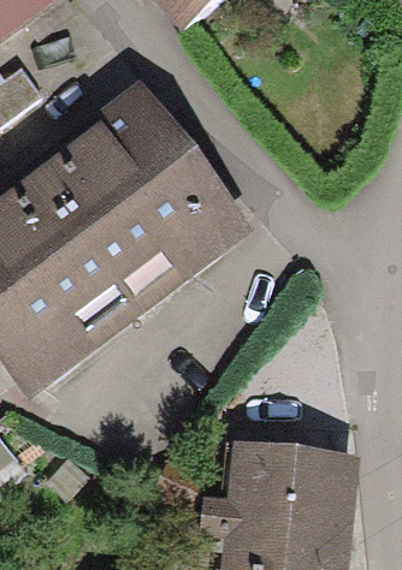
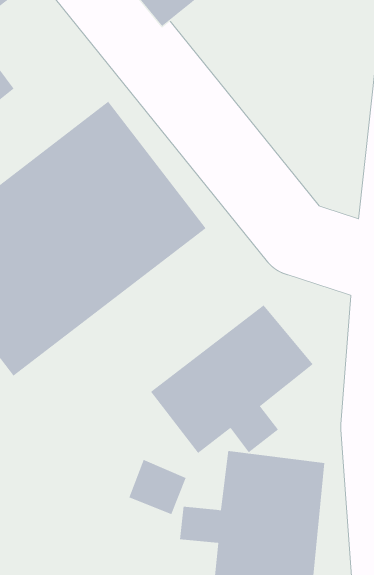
building: none -> [150,305,313,454]

